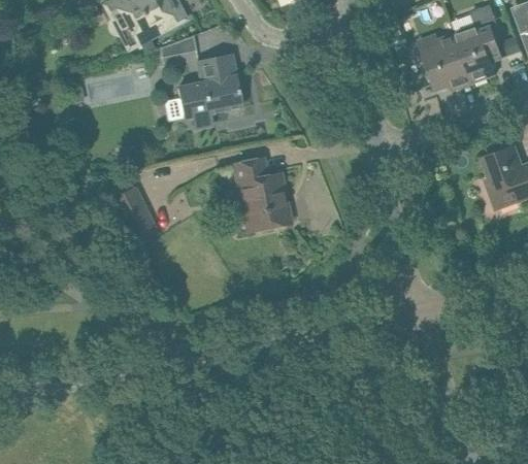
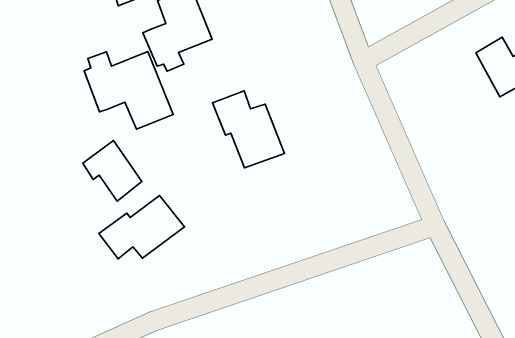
building: none -> [84,51,173,129]
building: none -> [99,195,185,259]

